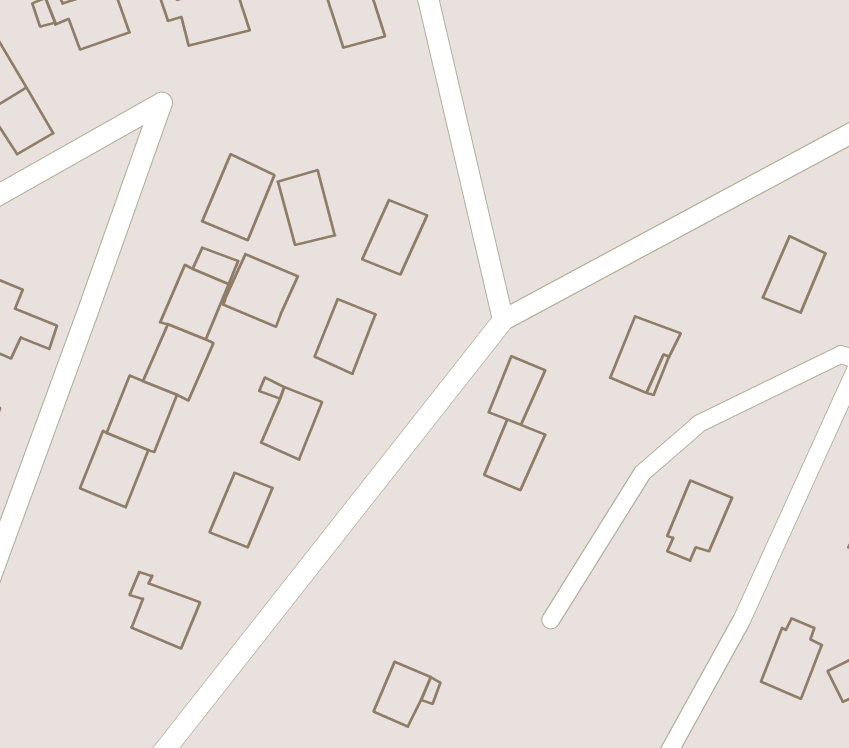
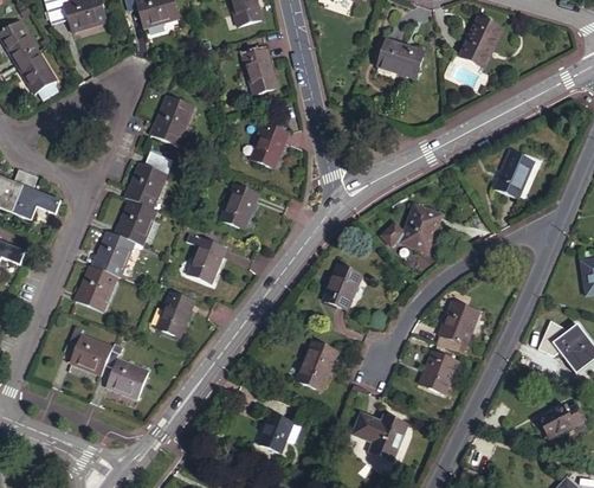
building: none -> [459,14,501,65]
building: none -> [380,38,427,78]
building: [278,170,335,245] -> [245,51,280,97]
building: [223,254,298,327] -> none
building: [489,356,545,425] -> none
building: none -> [67,330,112,379]
building: none -> [298,338,338,386]
building: [761,619,822,699] -> [420,342,458,392]
building: none -> [354,410,405,451]

